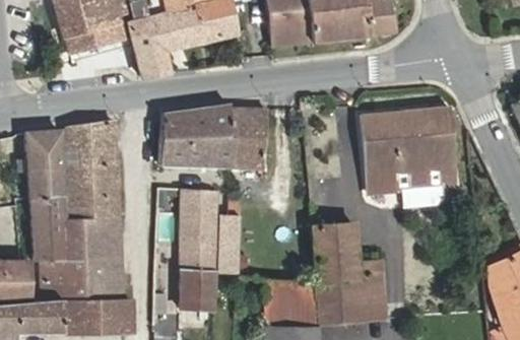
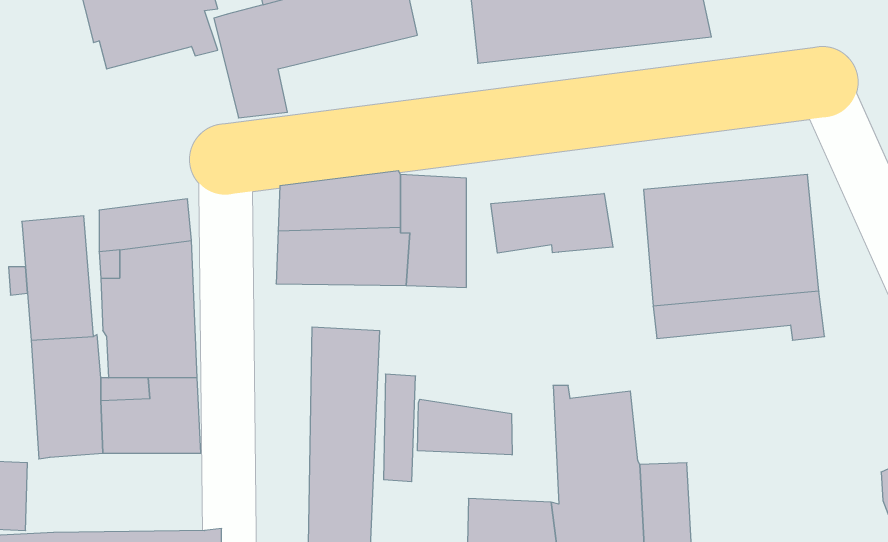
building: none -> [491,193,613,253]
building: none -> [418,399,512,455]
building: [41,258,124,300] -> none

